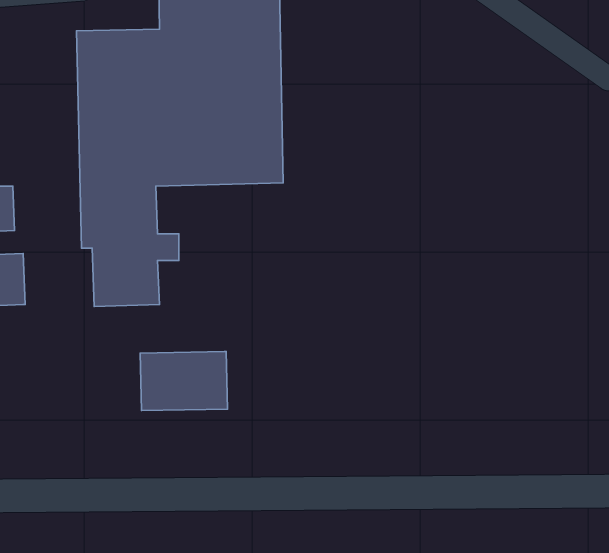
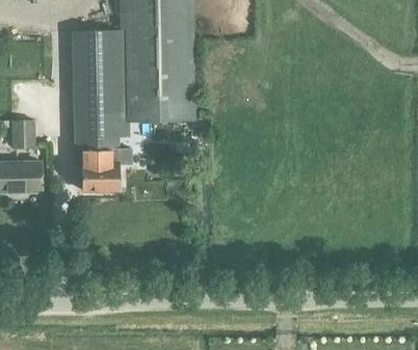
building: [140,351,228,411] -> none

